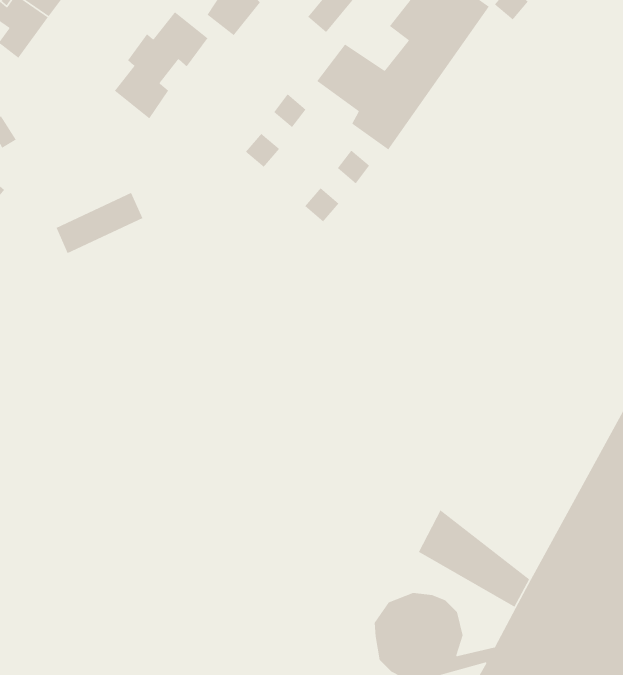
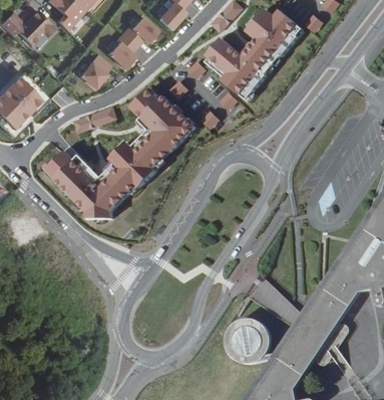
building: none -> [79,52,111,88]
building: none -> [50,87,203,218]

